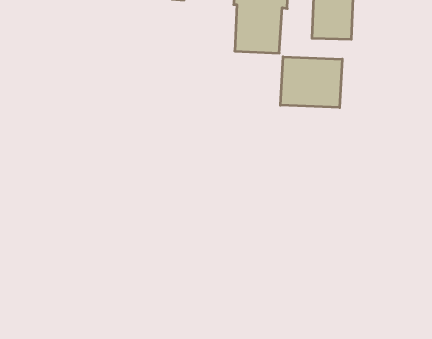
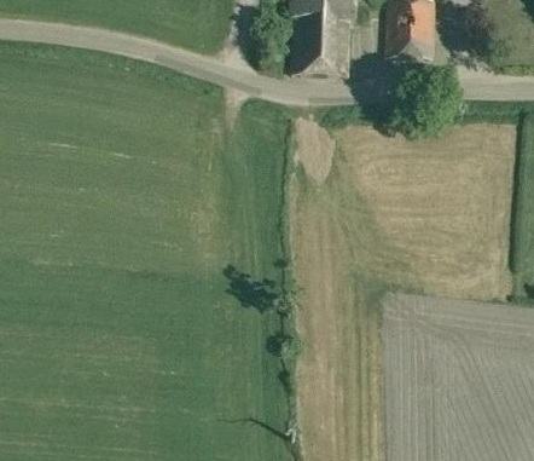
building: [280,57,342,108] -> none

